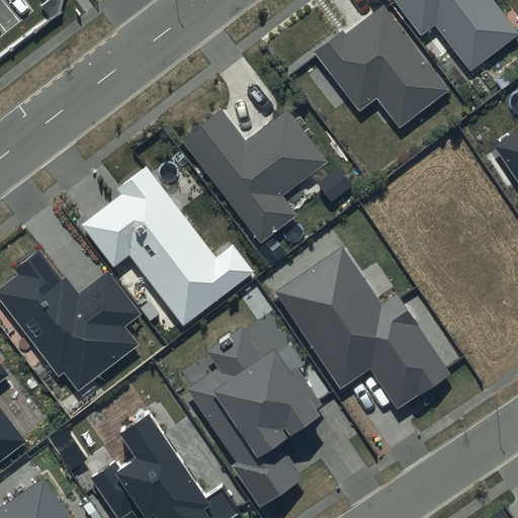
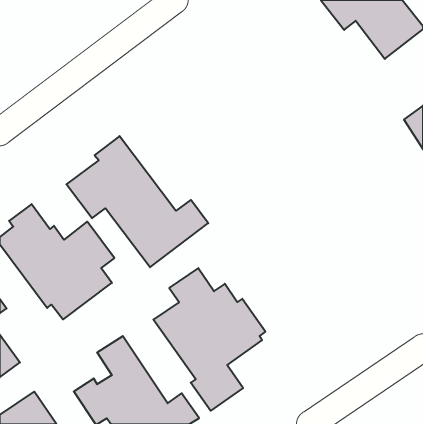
building: [313,5,449,130] -> none
building: [179,109,327,244] -> none
building: [274,247,450,410] -> none

